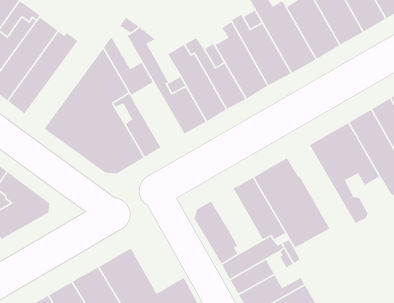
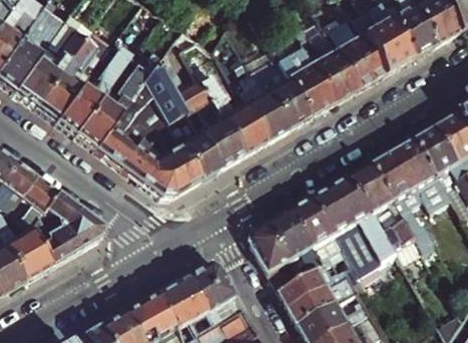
building: none -> [72,49,159,147]
building: none -> [195,98,242,167]
building: none -> [351,164,423,262]
building: none -> [271,211,325,281]
building: none -> [185,261,242,322]

